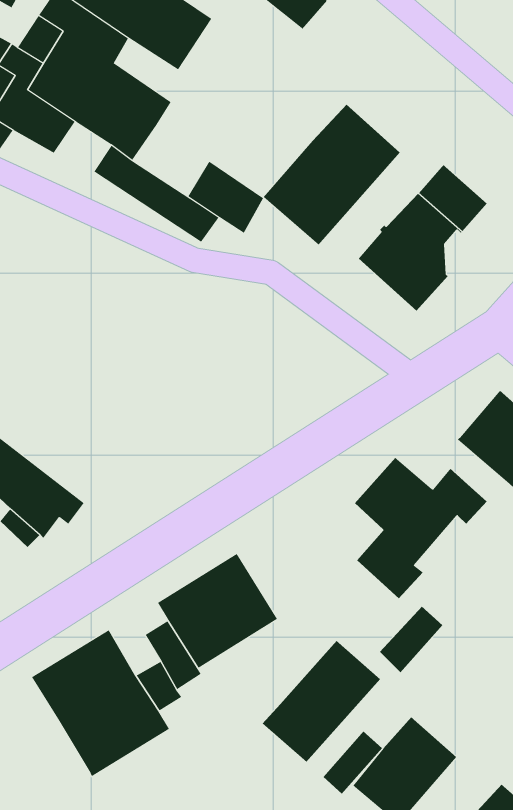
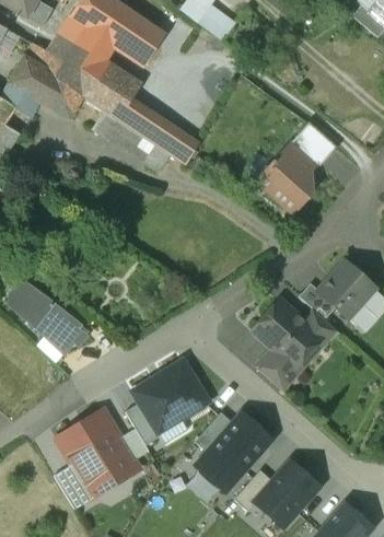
building: [263,104,400,246] -> none
building: none -> [118,97,165,141]
building: none -> [299,282,336,318]
building: [379,606,443,673] -> [196,412,235,454]
building: none -> [55,464,92,507]

